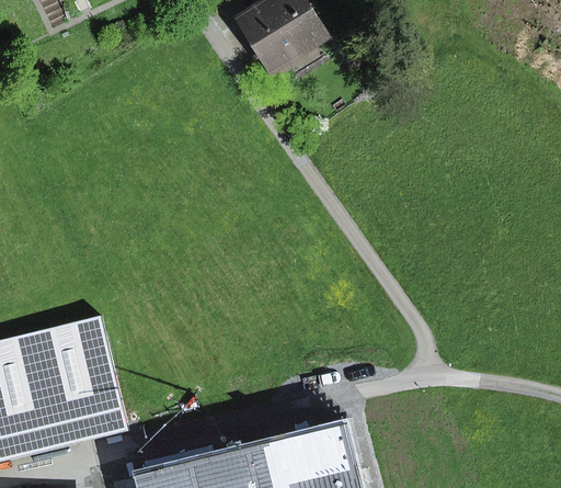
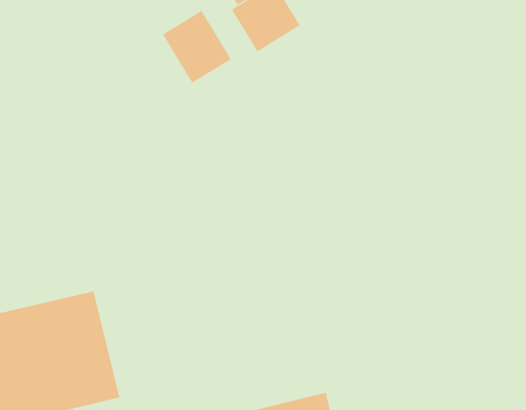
building: none -> [162,10,231,84]

